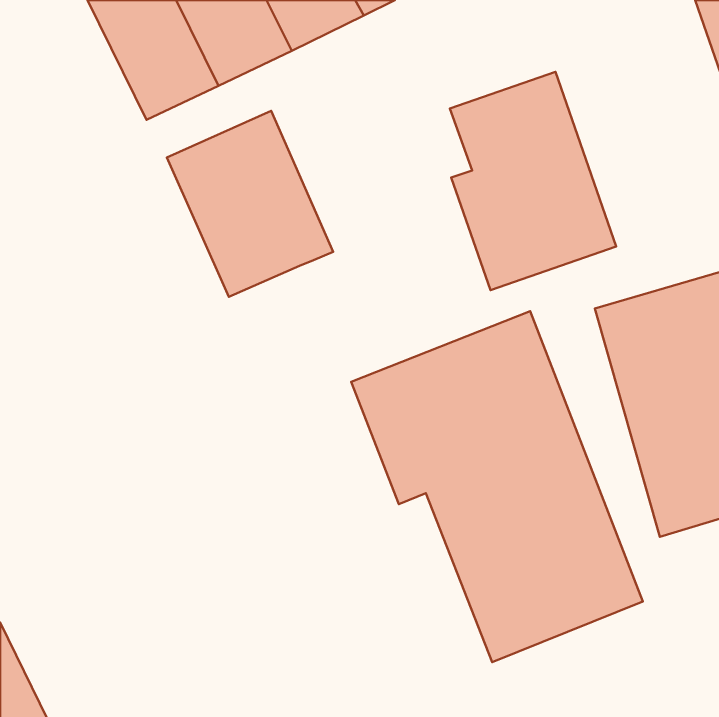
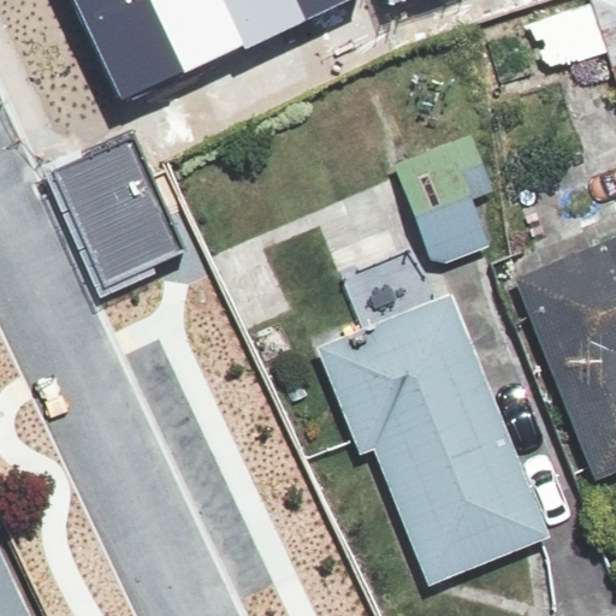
building: [167,111,333,297] -> [46,137,188,296]

